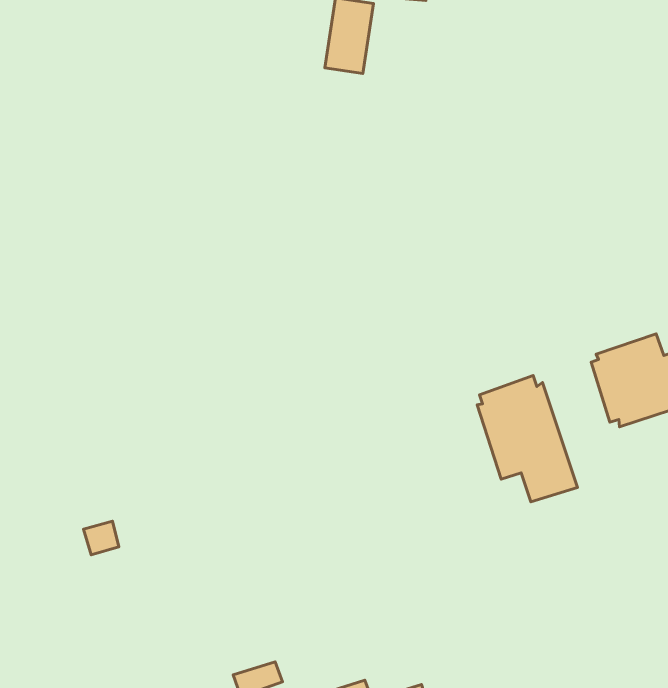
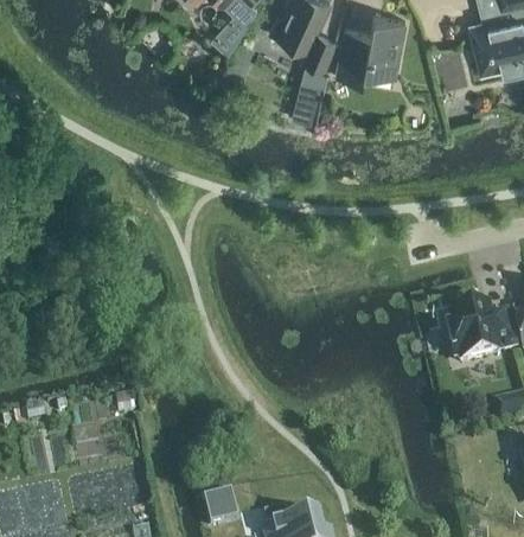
building: [477,376,577,502] -> none

